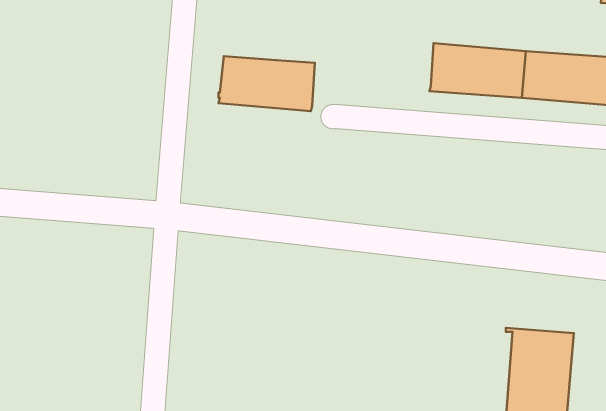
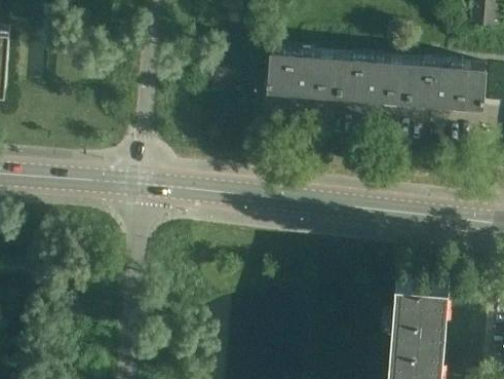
building: [219,56,315,111] -> [266,54,340,97]

